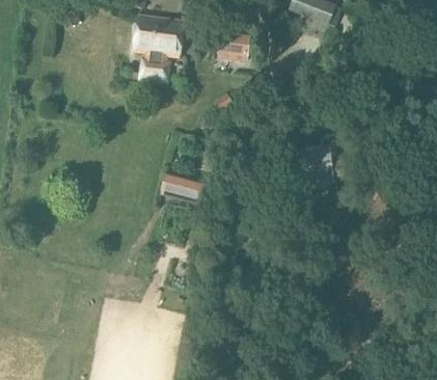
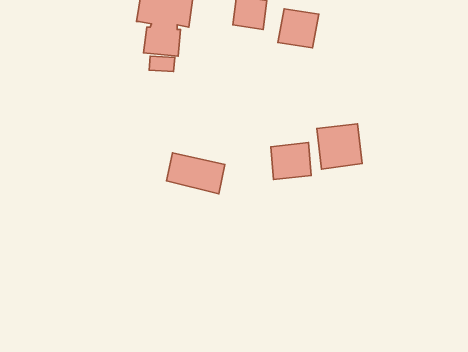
building: none -> [278,9,319,48]
building: none -> [271,143,311,180]

